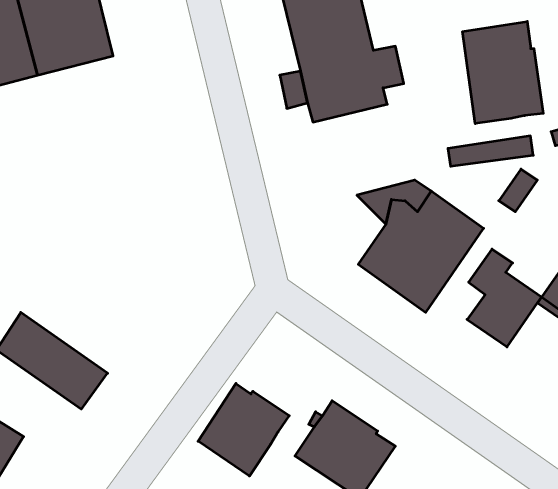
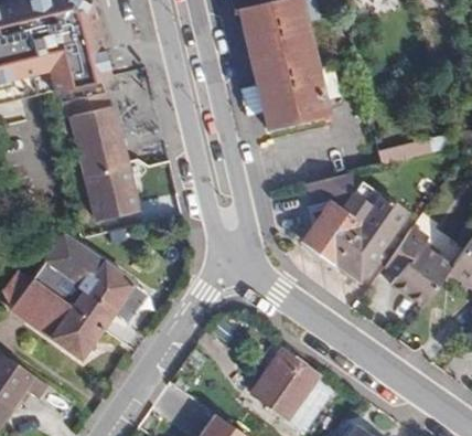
building: [463,21,543,124] -> none
building: none -> [68,93,139,222]
building: none -> [34,233,151,328]
building: [198,383,289,476] -> none

